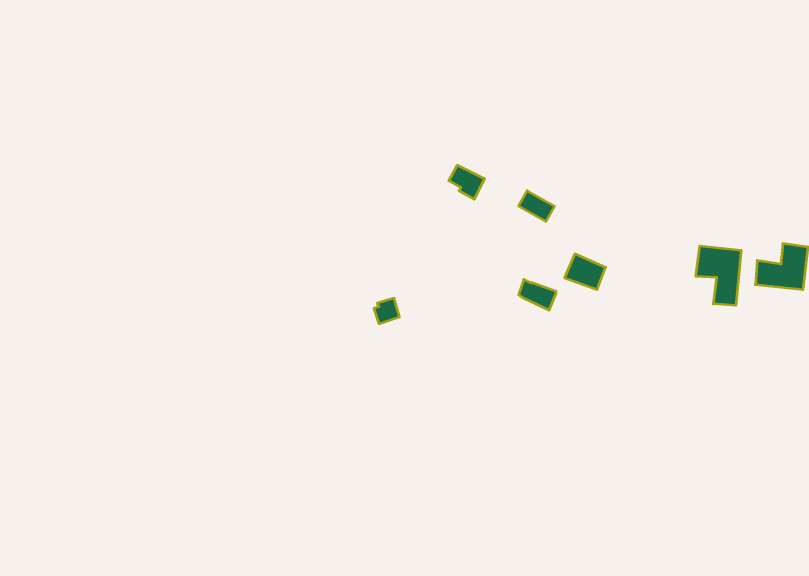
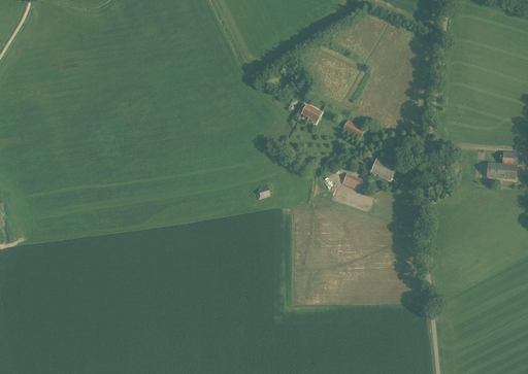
building: [696,246,741,305] -> none

